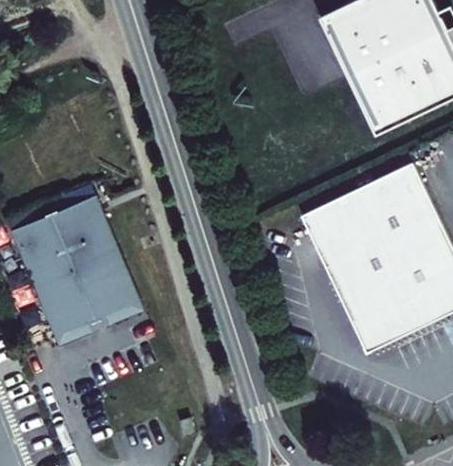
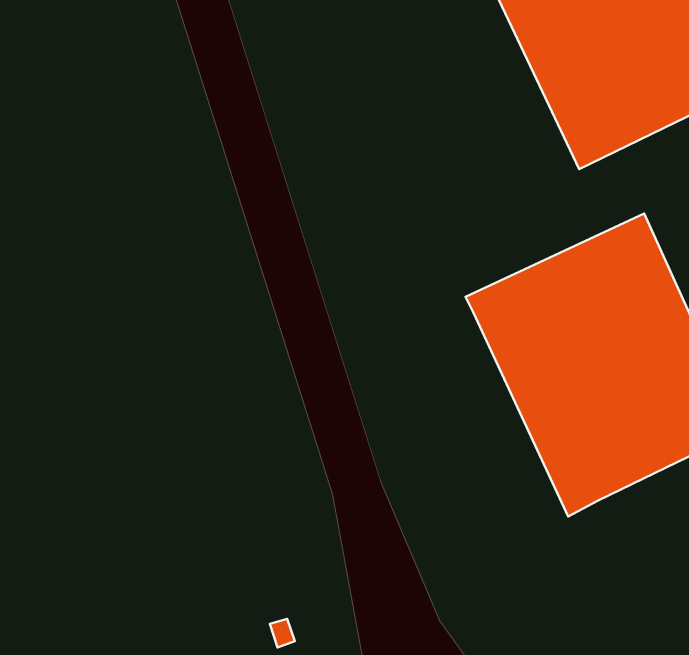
building: [13,198,142,345] -> none

